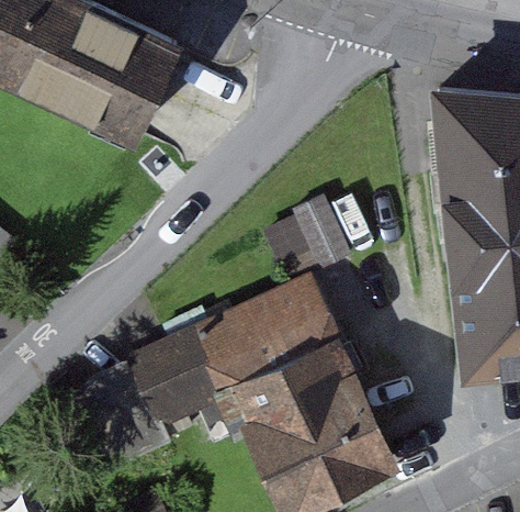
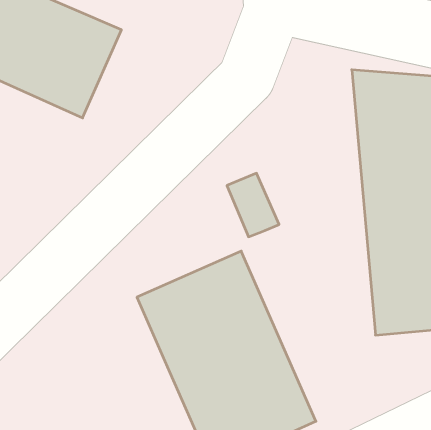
building: [67,329,235,466] -> none

